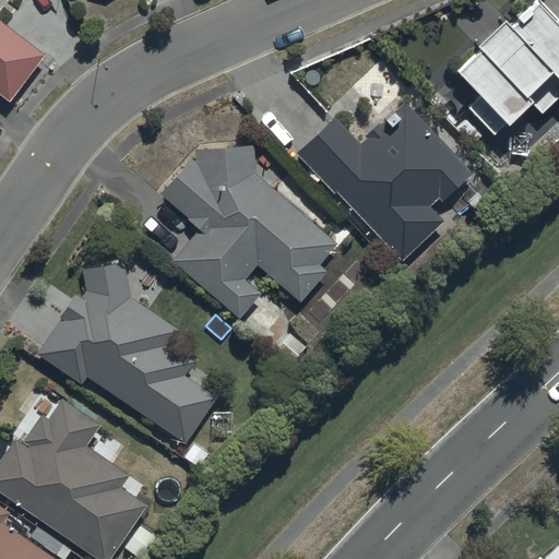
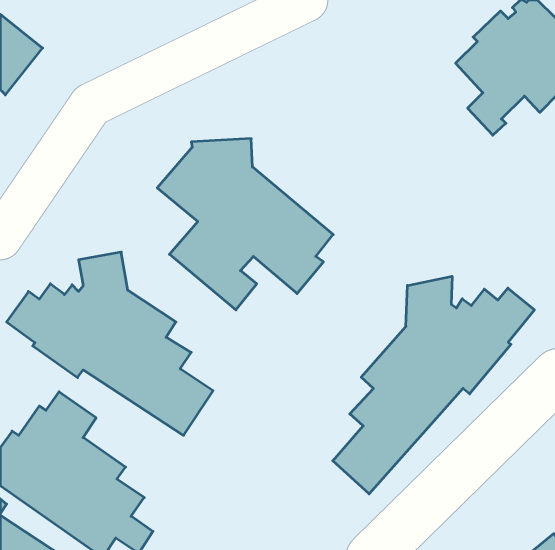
building: [295,102,471,261] -> none
building: none -> [333,276,534,494]

